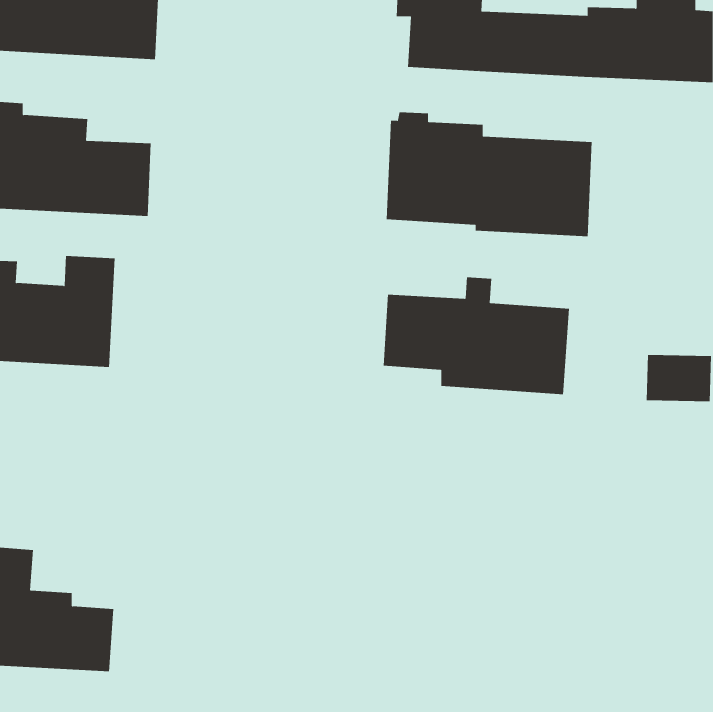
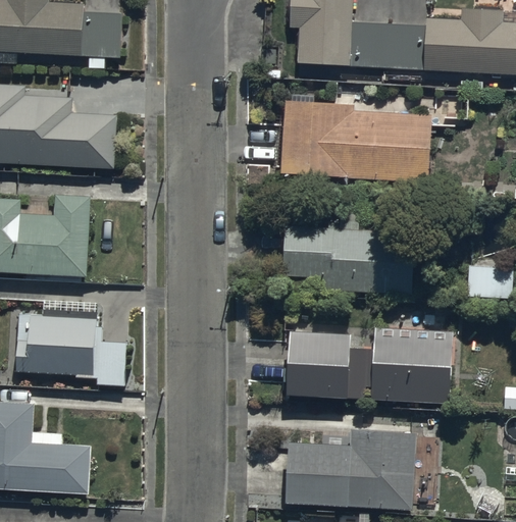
building: none -> [15,311,125,386]
building: none -> [286,313,455,402]
building: none -> [287,429,417,510]

